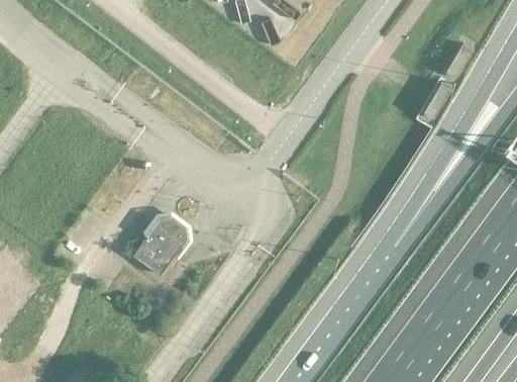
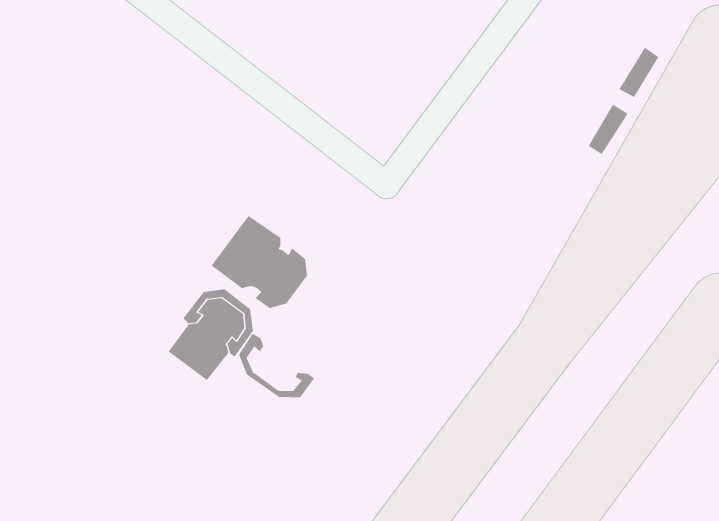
building: none -> [211,215,308,309]
building: none -> [238,333,315,398]

